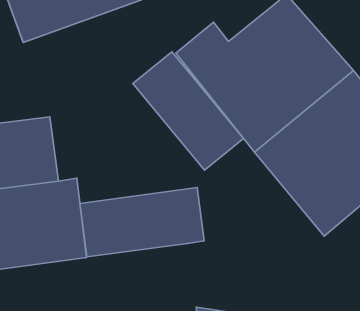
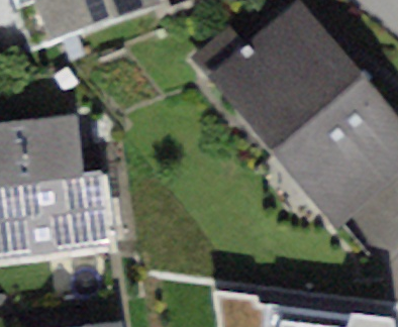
building: [133,52,243,170] -> none
building: [80,187,204,257] -> none

